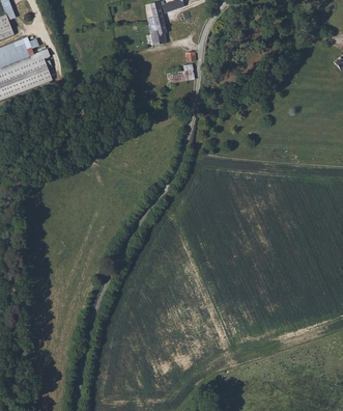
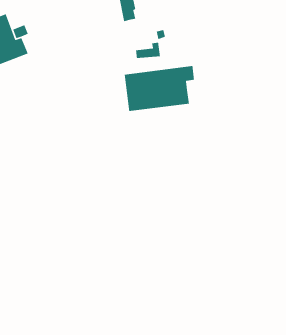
building: none -> [124,65,195,112]

